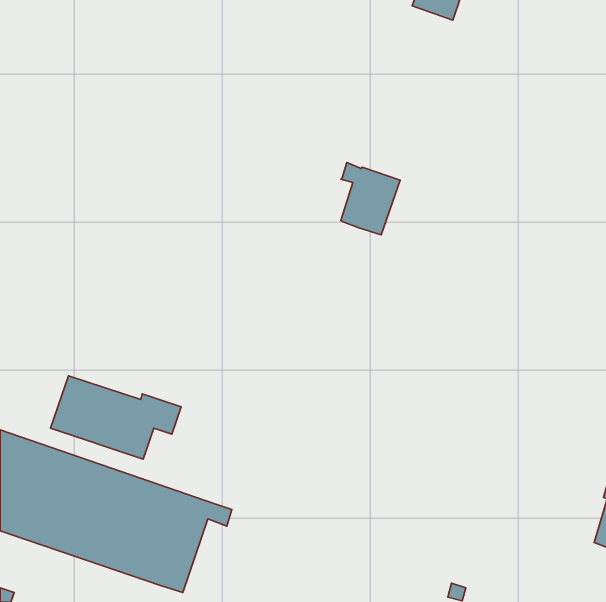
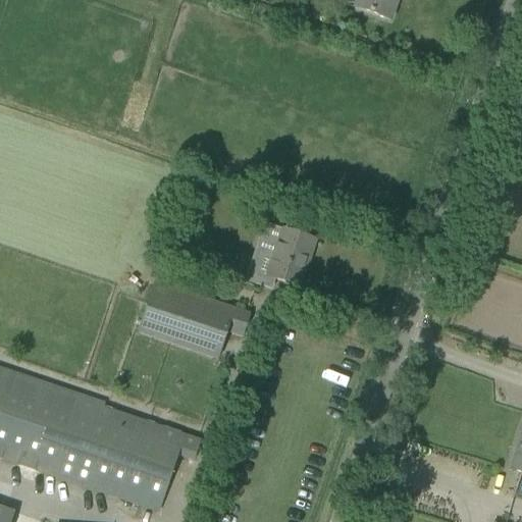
building: [341,162,400,235] -> [264,222,315,284]
building: [51,376,181,459] -> [138,284,250,356]

